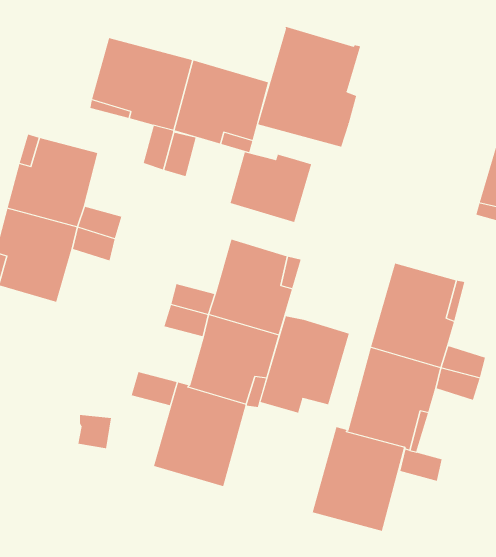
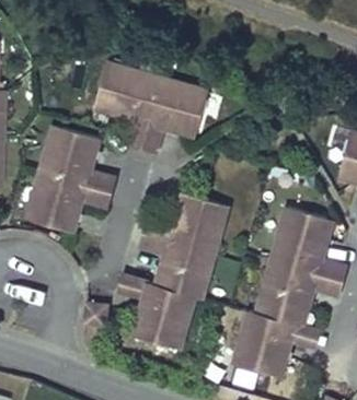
building: [257,26,361,148] -> none
building: [230,152,312,223] -> none
building: [260,315,350,414] -> none

